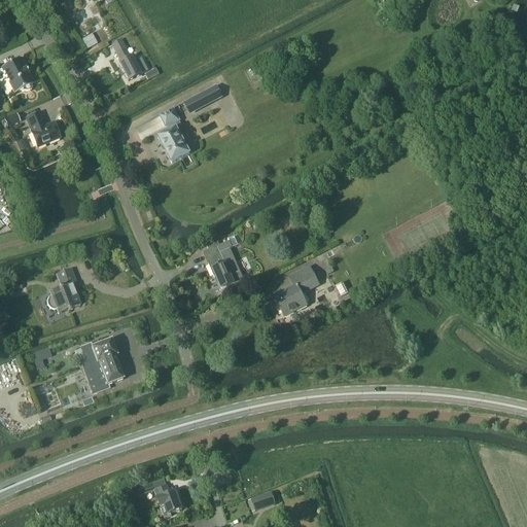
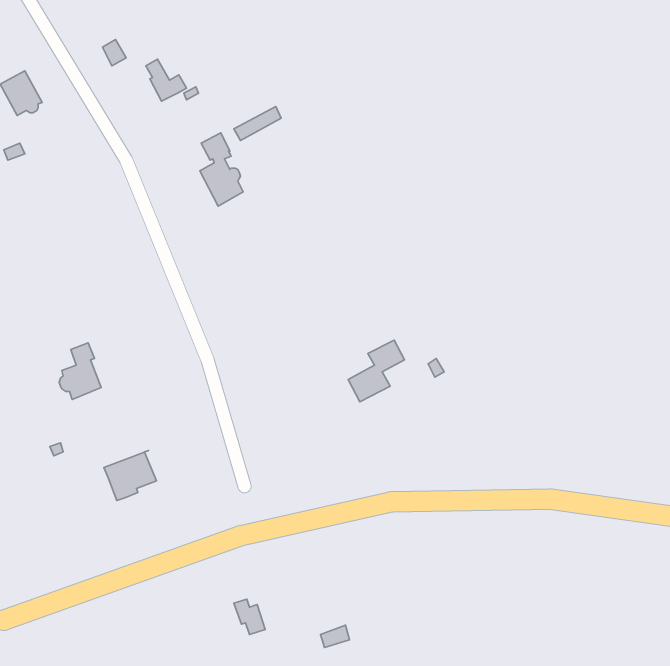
building: [27,111,60,144] -> none
building: [204,234,247,290] -> none
building: [80,338,117,366] -> none
building: [156,485,181,513] -> [234,599,265,635]

